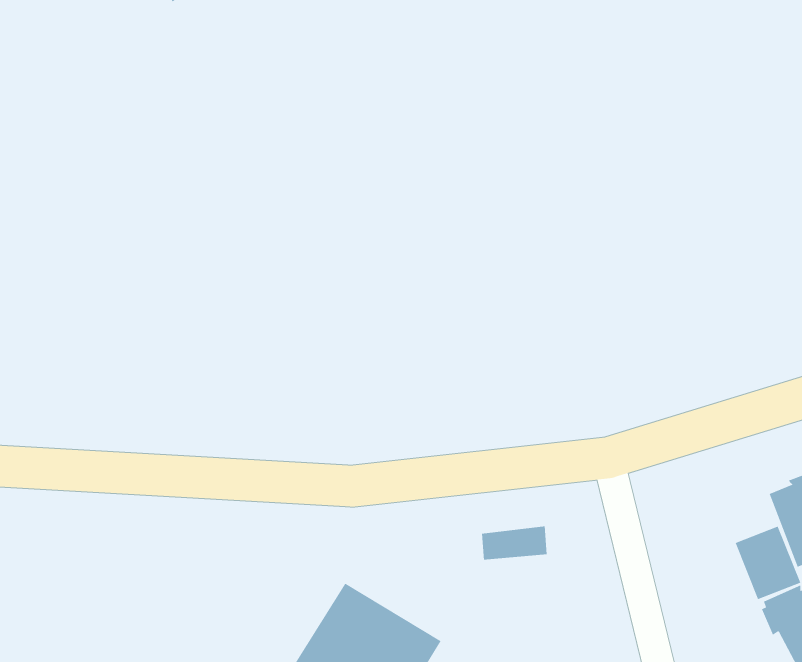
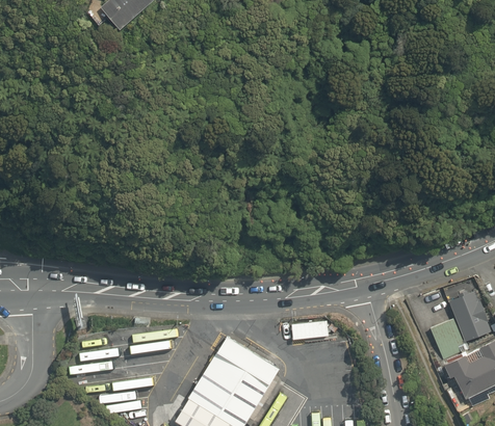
building: none -> [216,334,280,382]

